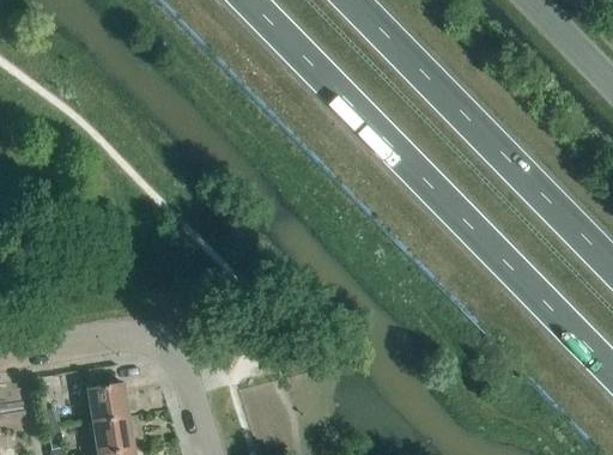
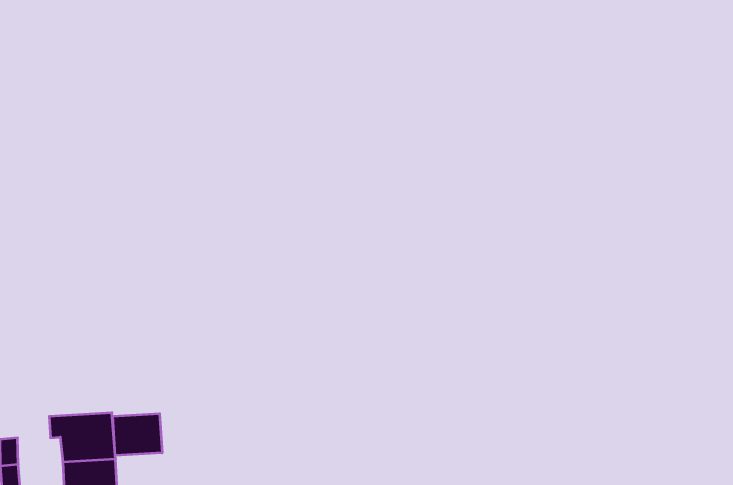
building: none -> [113,414,162,456]

